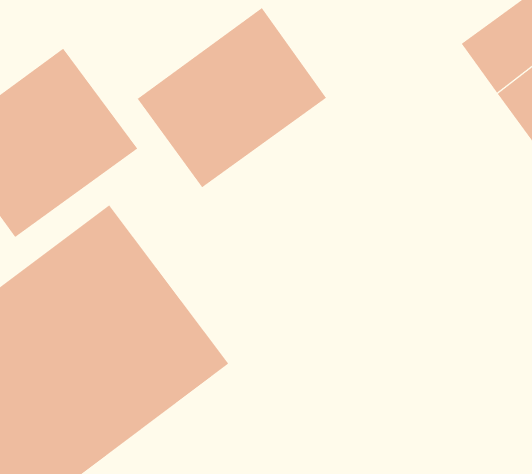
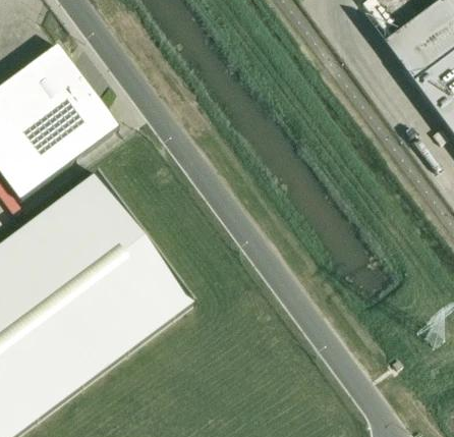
building: [137,7,327,188] -> none

